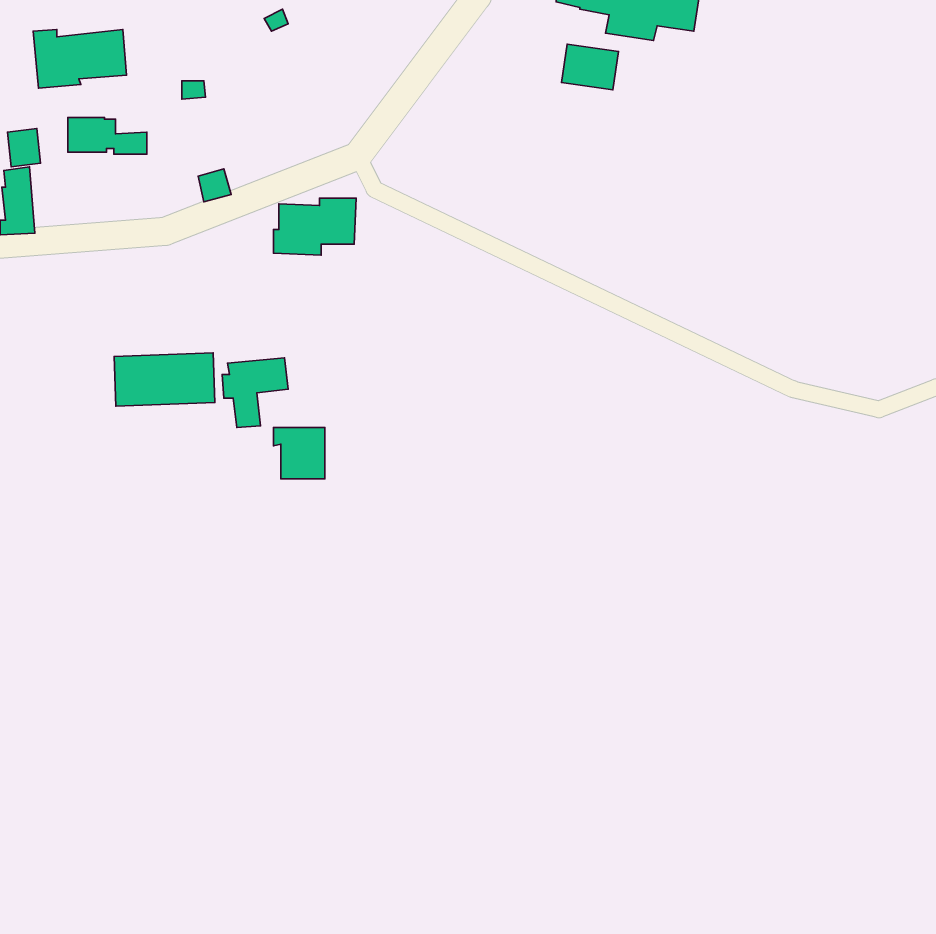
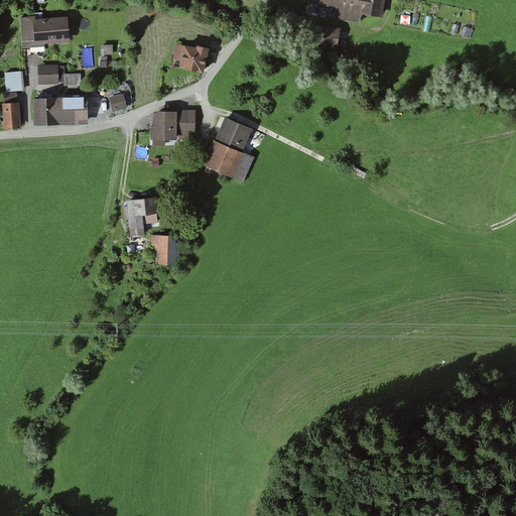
building: none -> [172,43,209,75]
building: none -> [202,117,253,182]
building: [114,353,215,406] -> [32,97,88,126]

